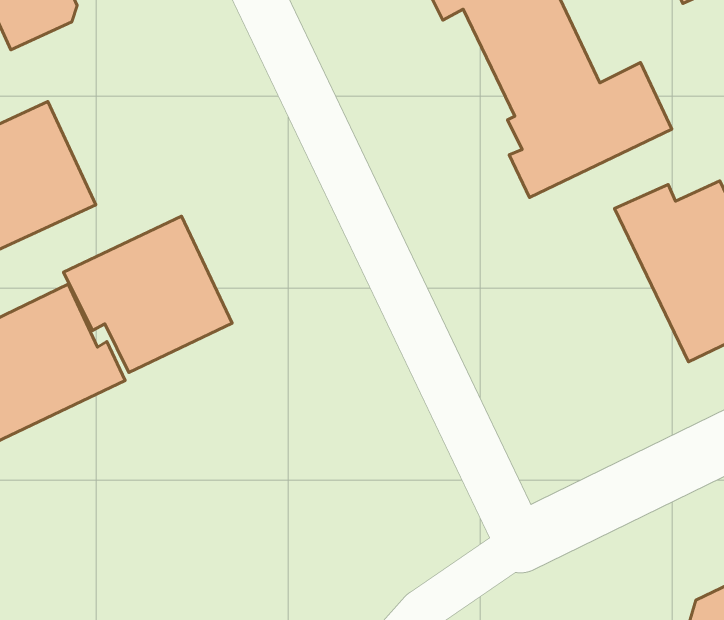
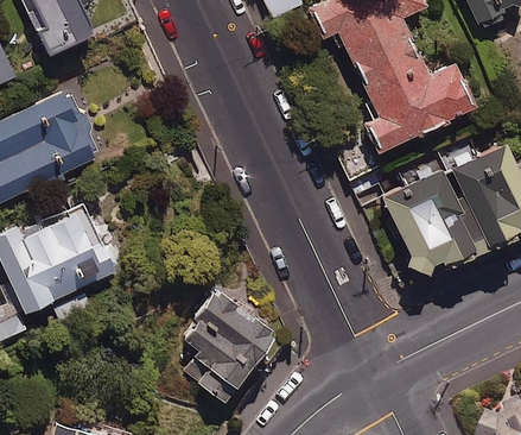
building: none -> [379,158,483,286]
building: [64,216,232,373] -> none
building: none -> [183,291,274,403]

